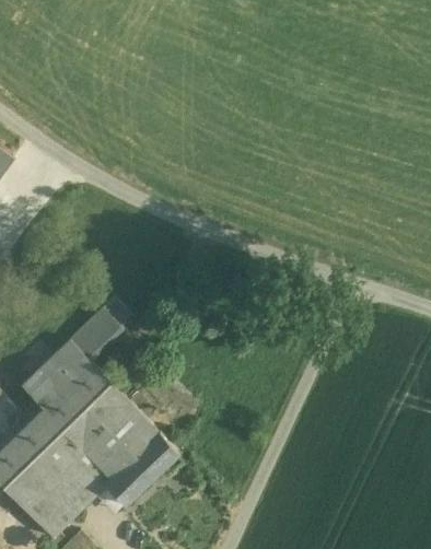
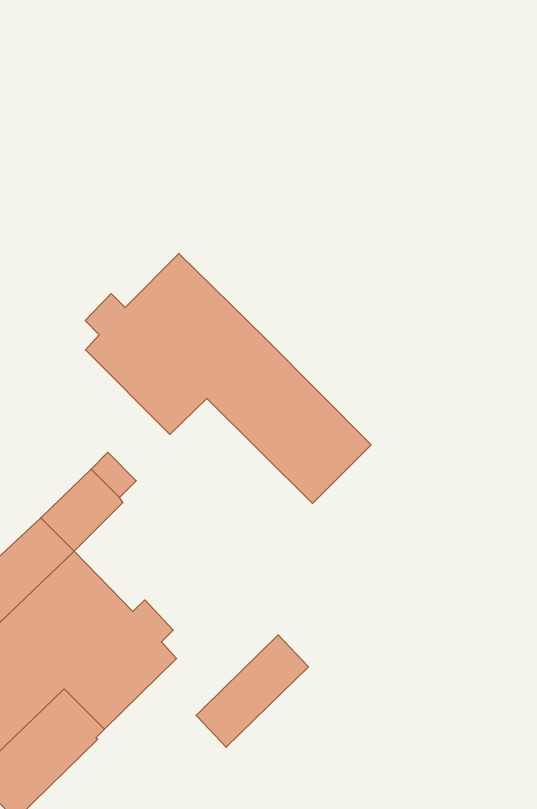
building: none -> [85,253,371,503]
building: [104,433,177,506] -> [196,635,308,747]

